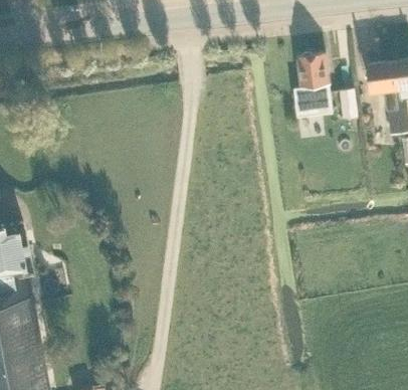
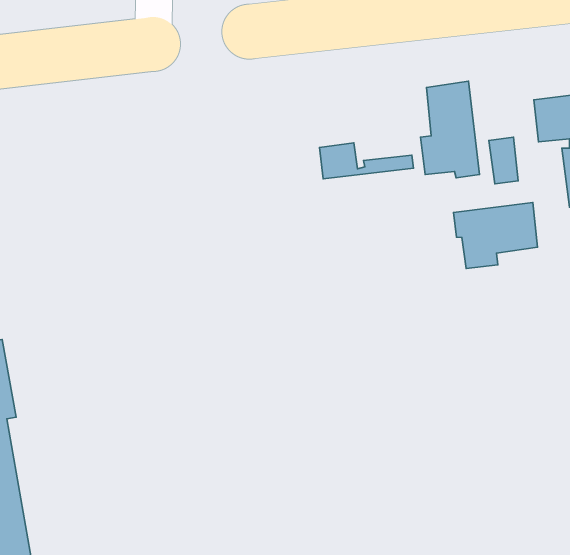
building: none -> [320,143,414,179]
building: none -> [454,203,537,269]

